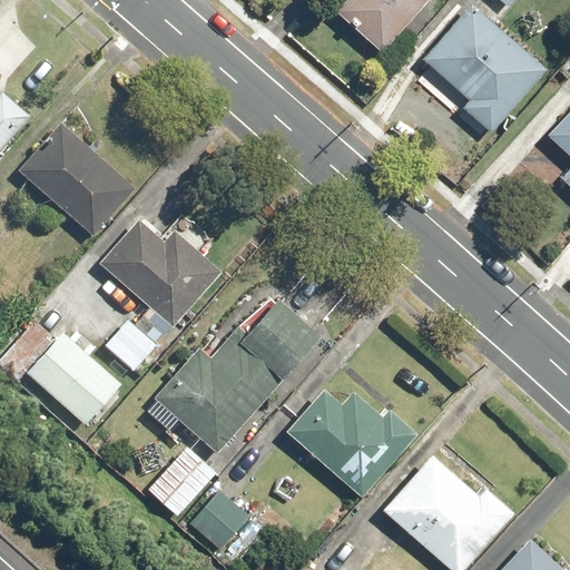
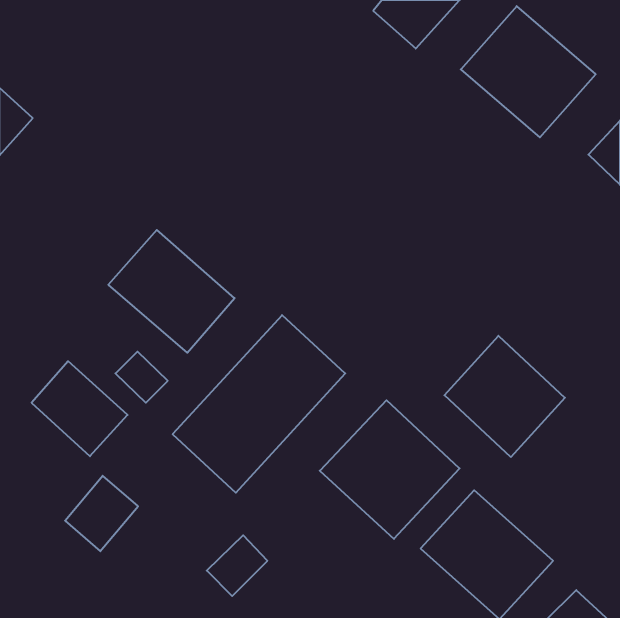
building: [20,126,135,232] -> none
building: none -> [444,336,565,457]
building: [149,448,216,517] -> [65,476,138,551]

